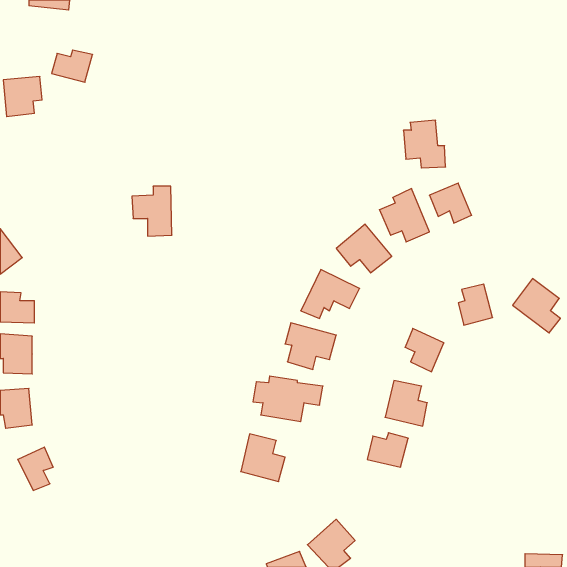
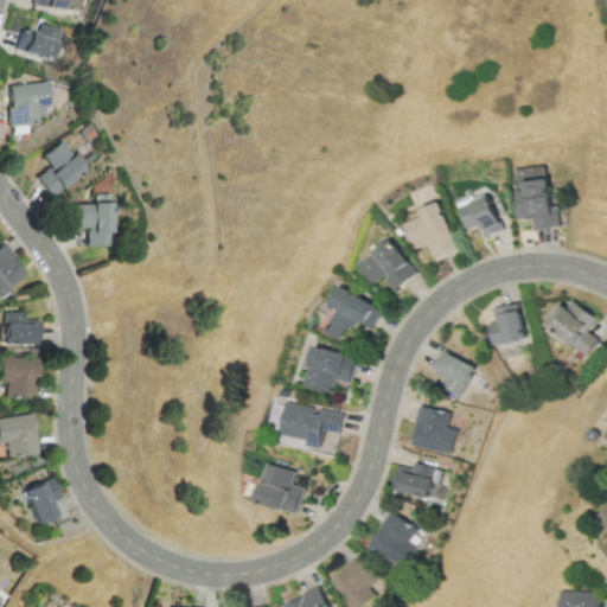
building: [52,50,93,82] -> [13,25,57,59]
building: [403,120,446,168] -> [516,179,561,230]
building: none -> [32,140,82,198]
building: [132,186,172,236] -> [68,194,110,248]
building: none -> [369,512,416,569]

